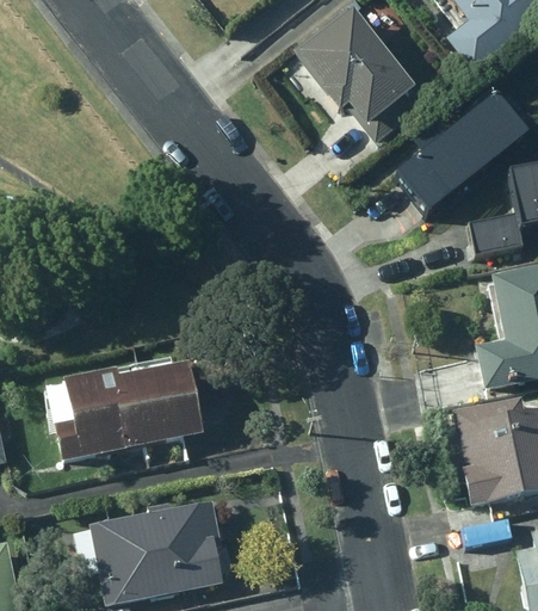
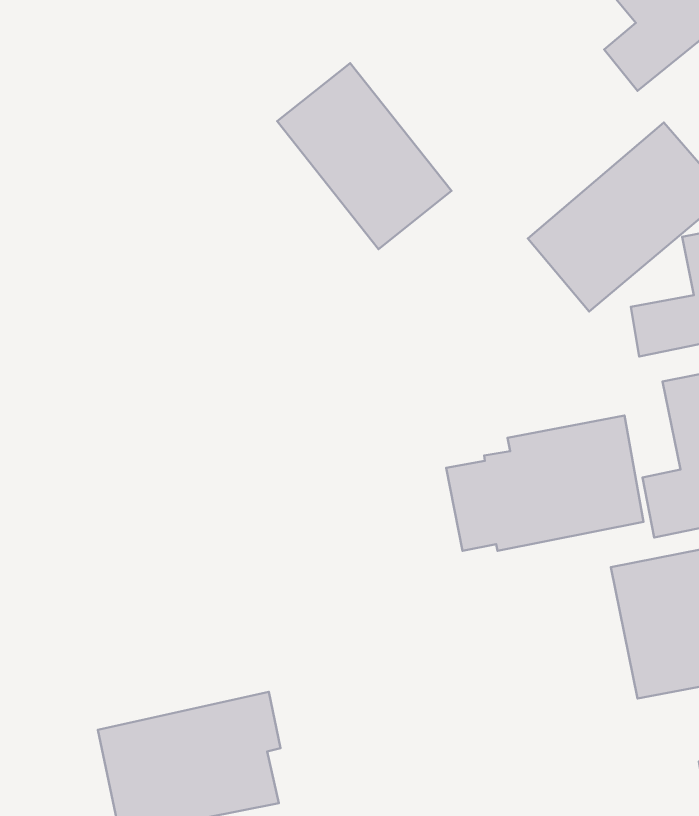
building: [299,7,425,141] -> [277,63,451,249]
building: none -> [446,416,644,551]
building: [41,354,197,458] -> none

